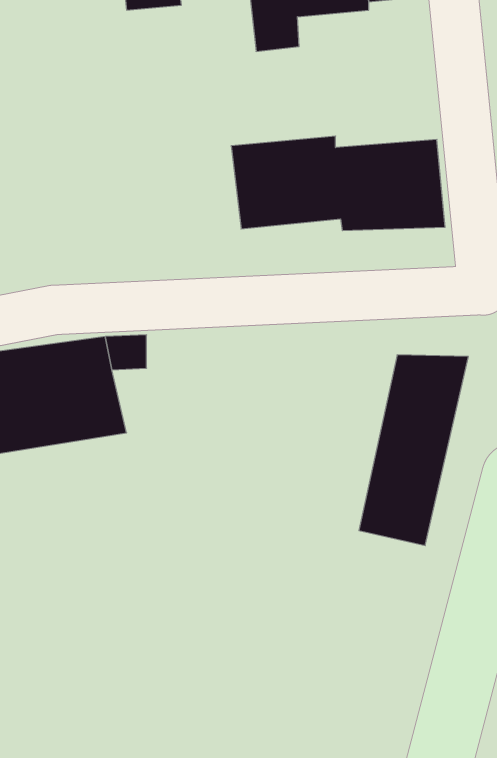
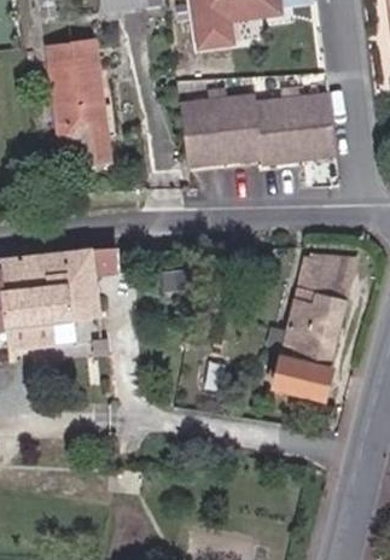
building: none -> [50,33,110,153]

